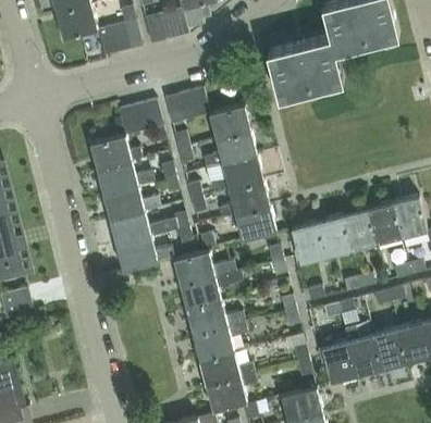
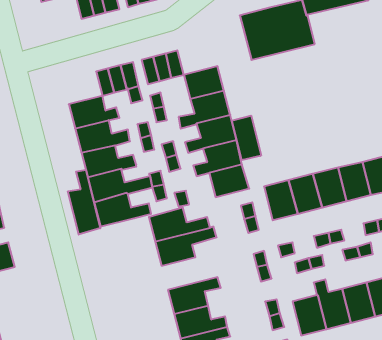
building: none -> [232,116,261,160]
building: none -> [68,170,100,235]
building: [186,302,244,336] -> none

